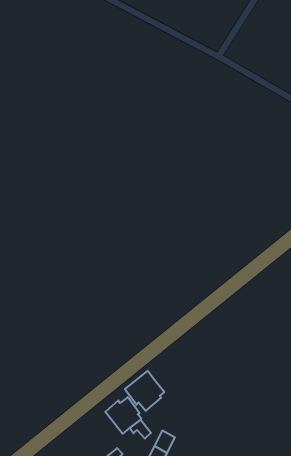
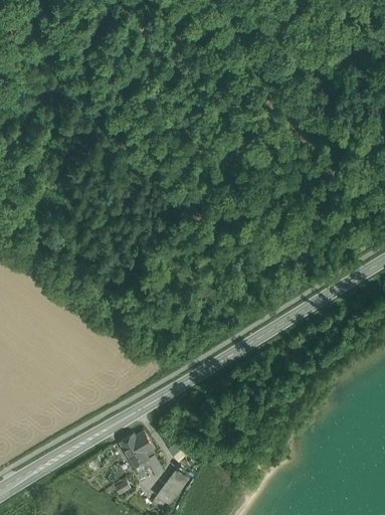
building: [125,371,164,411] -> none

